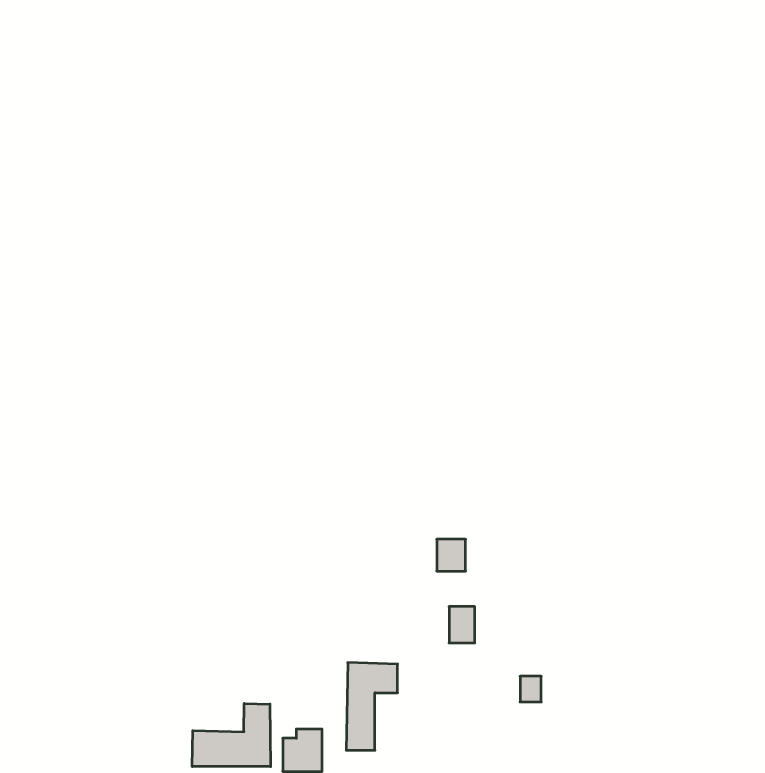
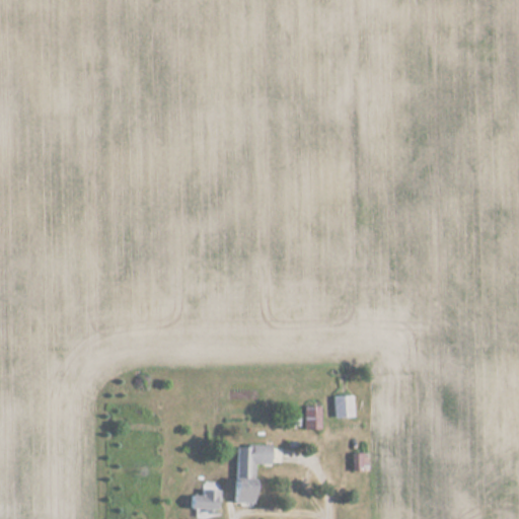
building: [437,539,466,571] -> [336,395,355,417]
building: [192,703,271,767] -> none

